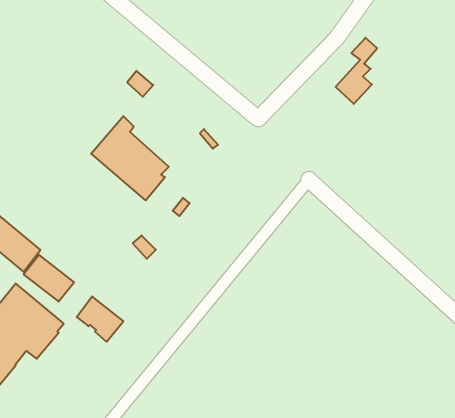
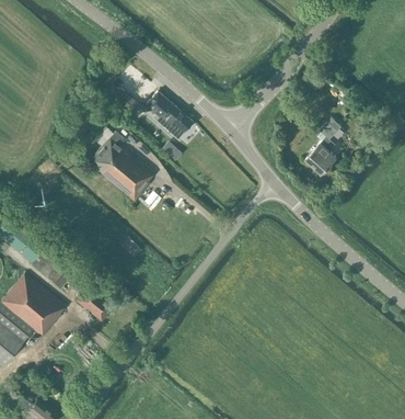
building: [336,38,377,104] -> [306,118,342,174]
building: none -> [147,92,193,139]

